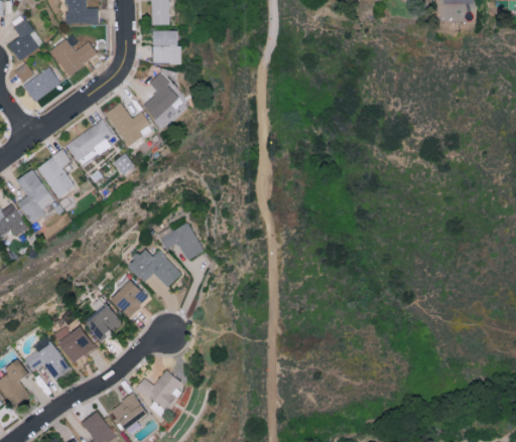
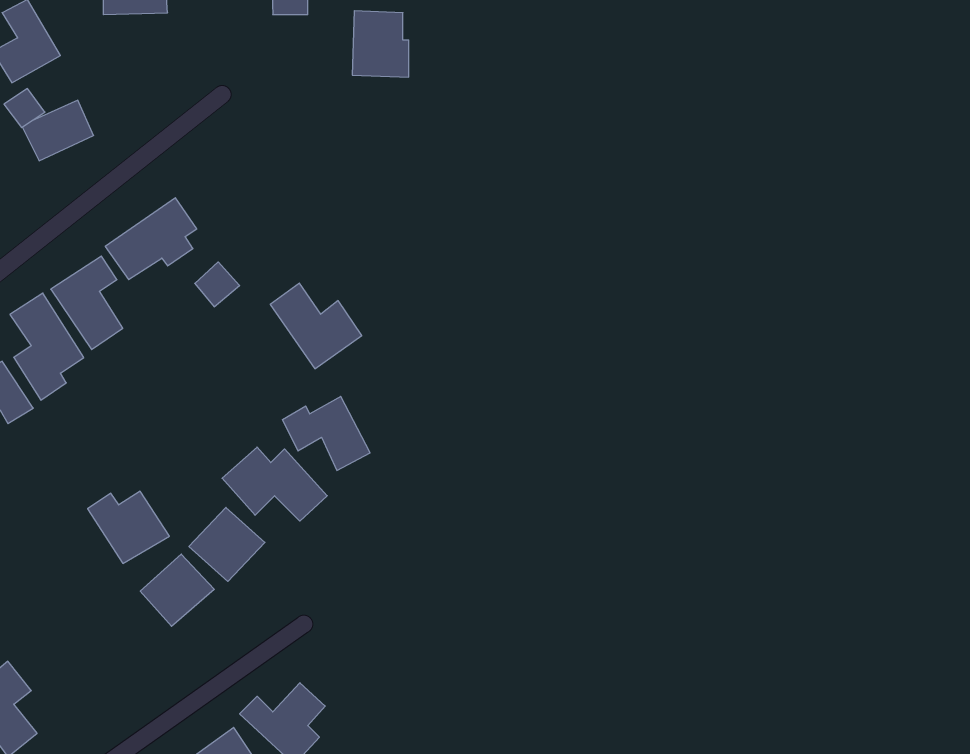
building: [152,29,181,63] -> [352,11,409,77]
building: [48,38,98,76] -> none
building: [142,73,180,119] -> none
building: [105,102,152,146] -> [270,283,362,369]
building: [52,325,95,362] -> [88,491,169,563]
building: [24,341,69,379] -> none

